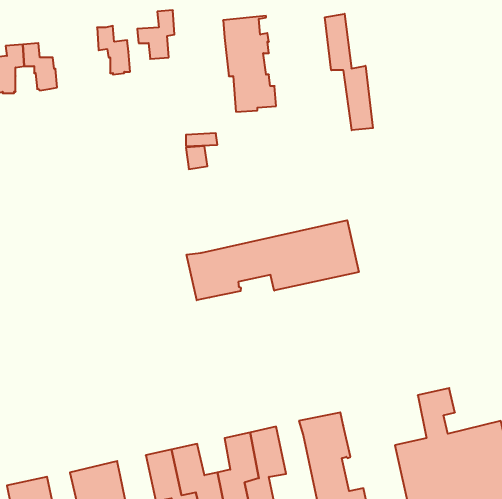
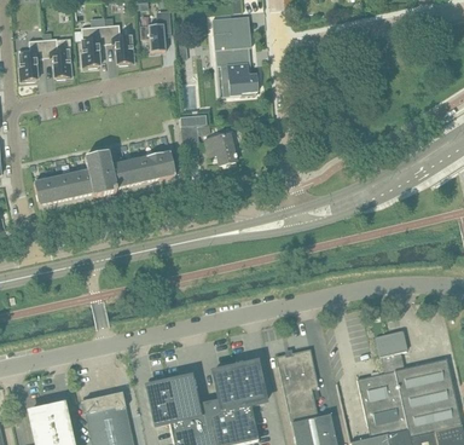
building: [325,14,373,130] -> none
building: none -> [81,24,106,67]
building: none -> [204,134,236,164]
building: none -> [33,151,175,204]
building: [187,220,359,300] -> none

